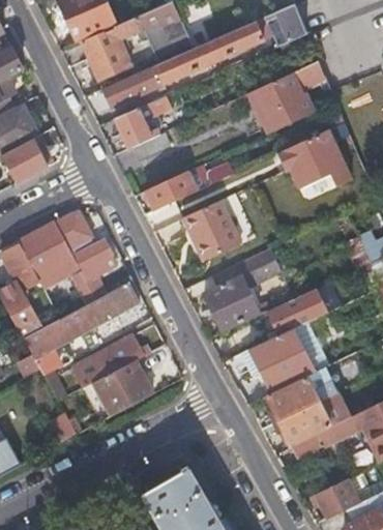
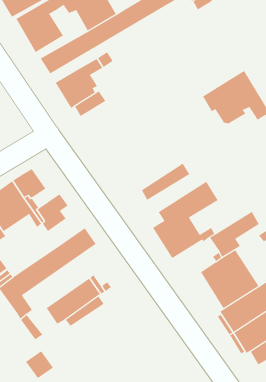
building: [249,60,324,132] -> none
building: [144,160,236,209] -> none
building: [182,196,246,248] -> none
building: [98,371,152,415] -> none

